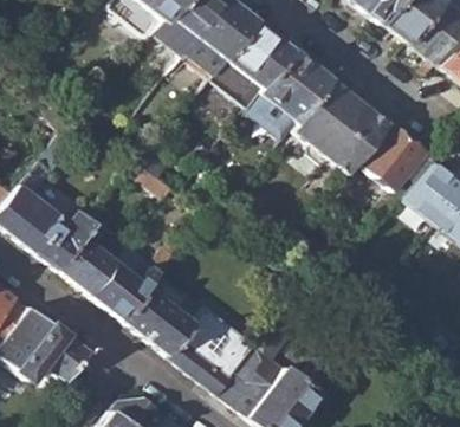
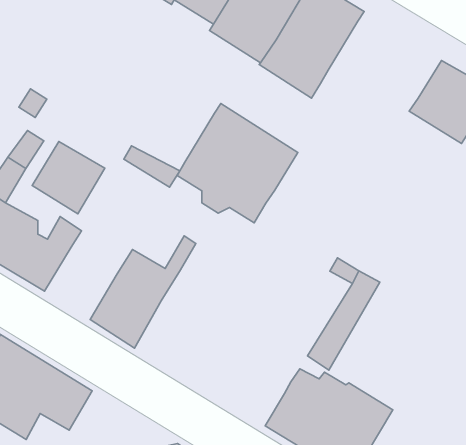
building: [292,79,388,175] -> [177,103,298,223]
building: [59,237,117,295] -> [32,141,105,214]
building: [124,264,255,393] -> none

